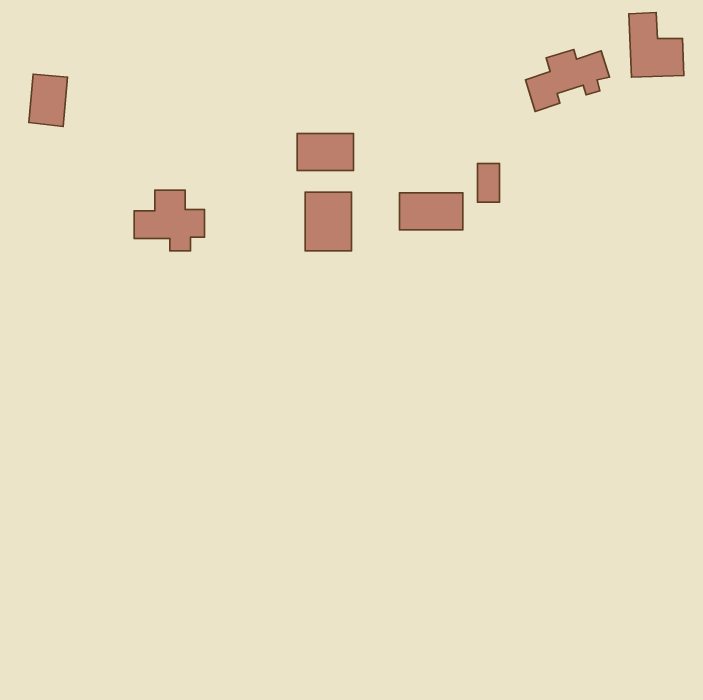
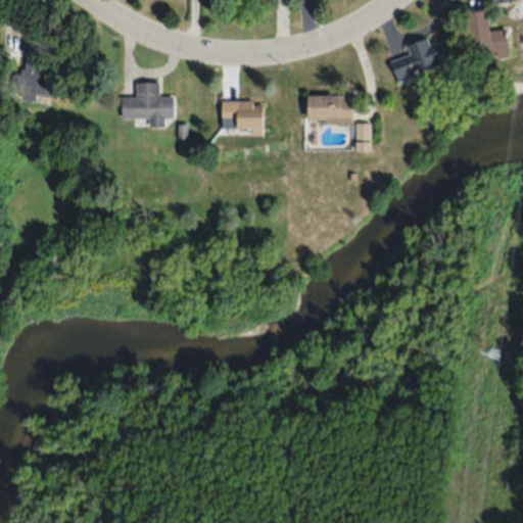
building: [134,190,204,251] -> [122,83,174,128]
building: [305,192,351,251] -> none
building: [399,193,463,230] -> [305,95,352,123]

